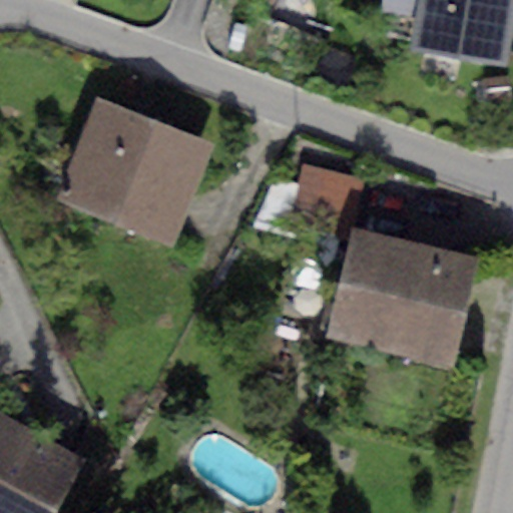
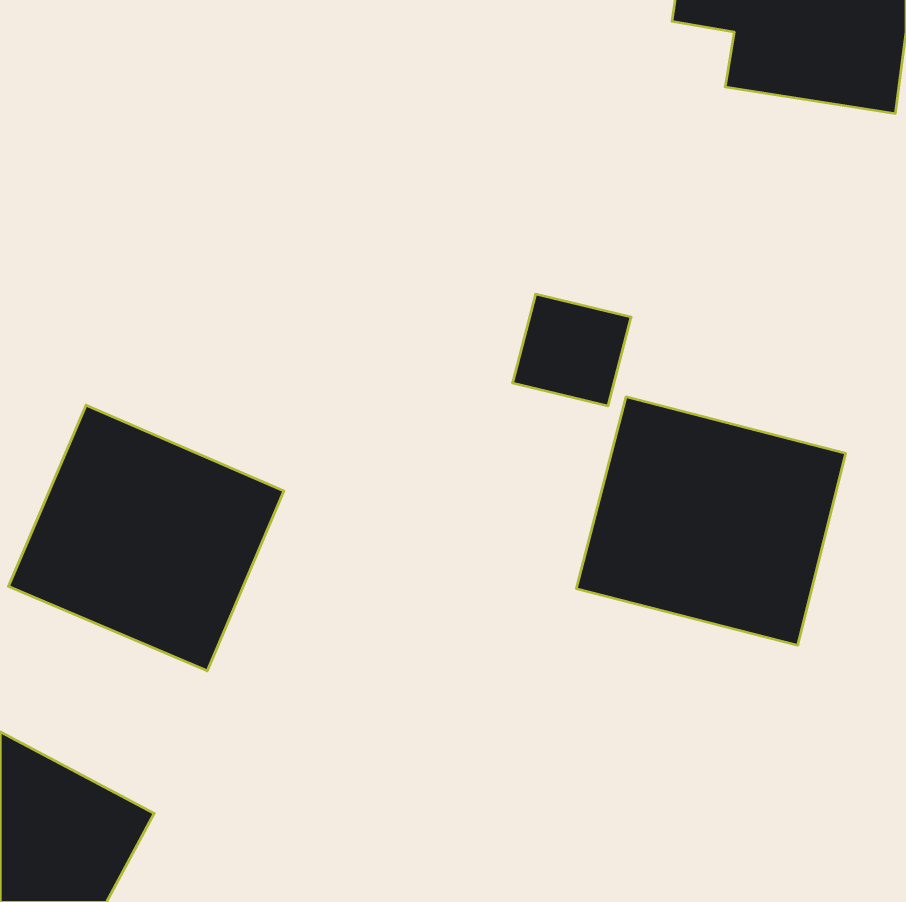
building: [56,97,212,244] -> none
building: none -> [8,405,284,671]

